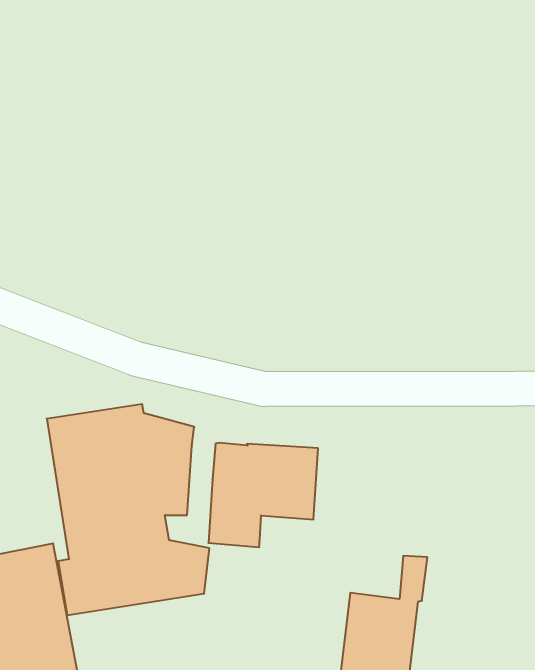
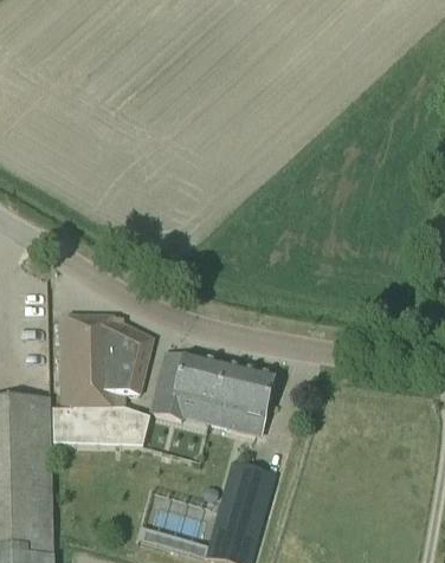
building: none -> [215,364,275,435]

